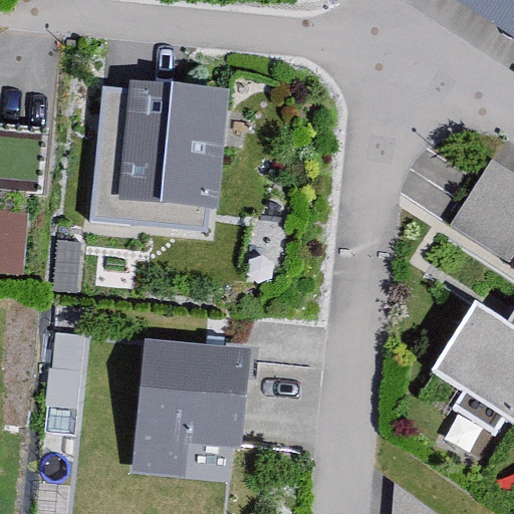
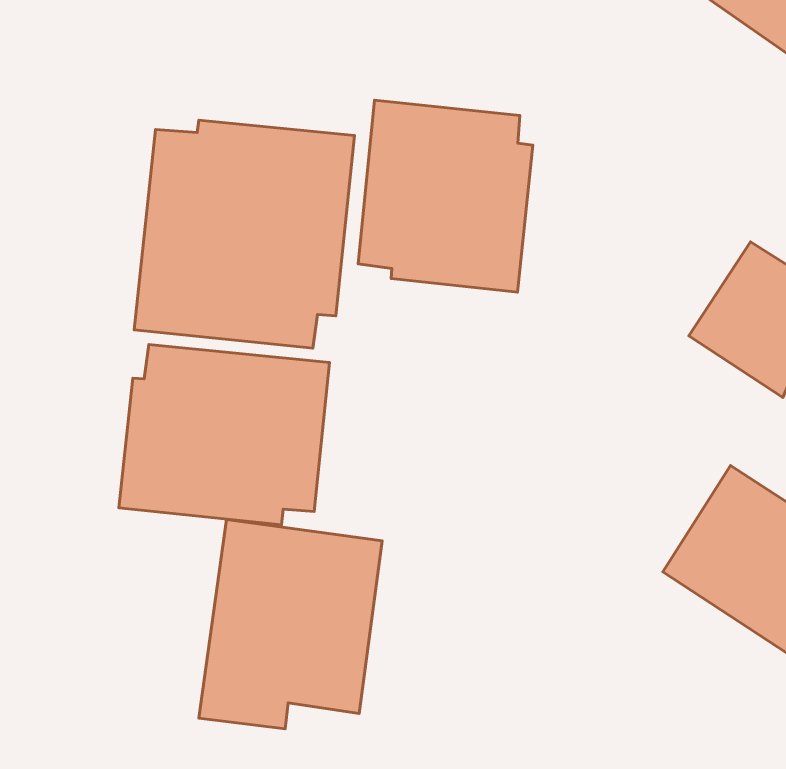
building: none -> [358,100,533,292]
building: none -> [119,344,329,525]

